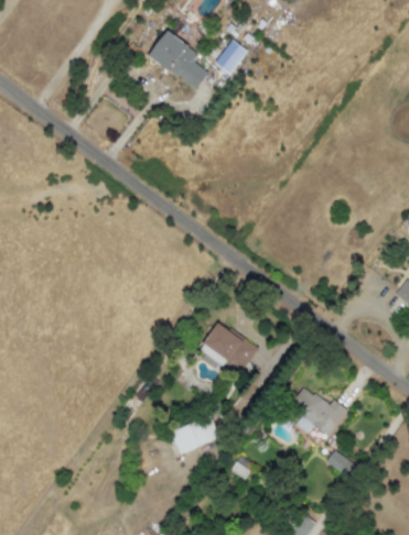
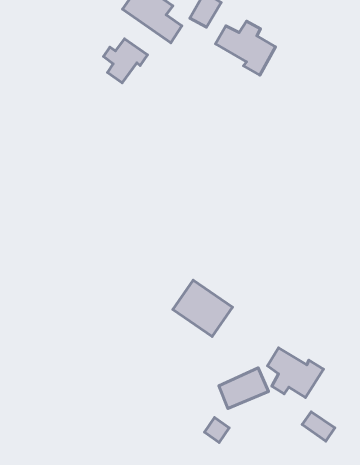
building: none -> [216,21,275,75]
building: none -> [104,39,148,83]
building: [171,415,219,455] -> [219,368,268,408]

